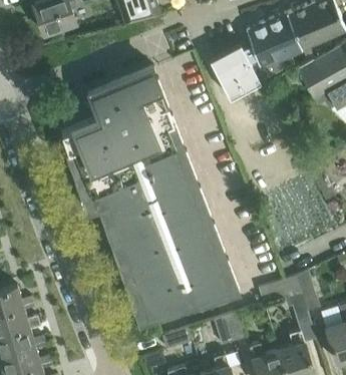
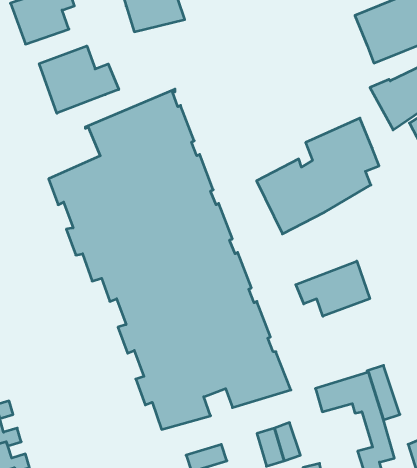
building: [210,14,300,99] -> [257,118,379,234]
building: none -> [39,46,119,113]
building: none -> [296,261,370,316]

